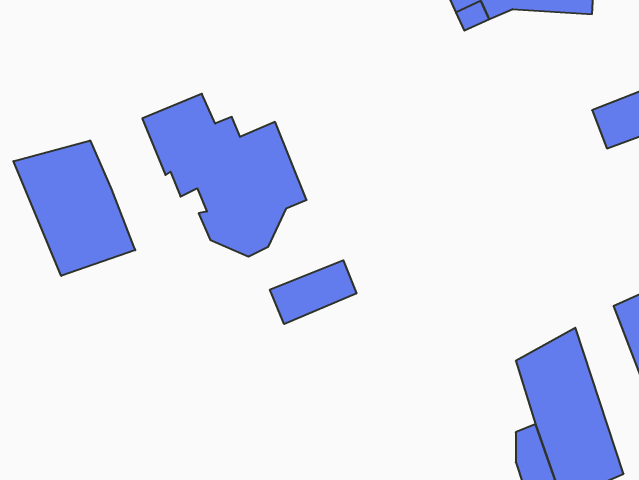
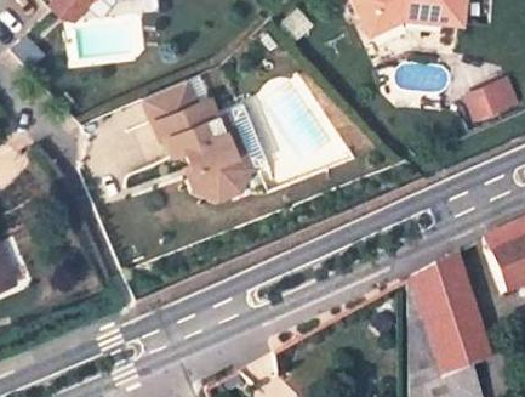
building: [13,140,135,276] -> none
building: [270,260,356,324] -> none

